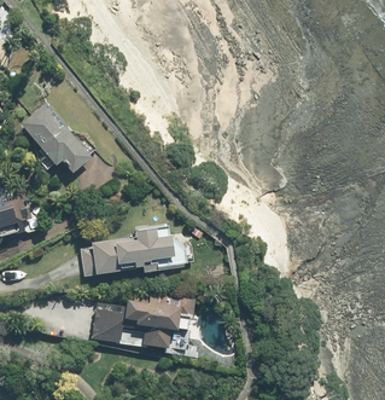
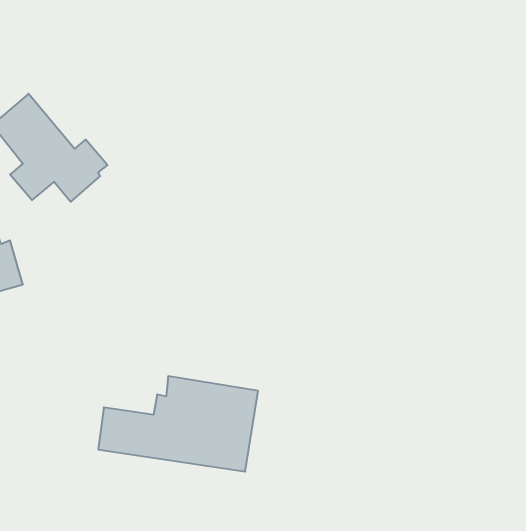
building: [80,228,186,277] -> none

